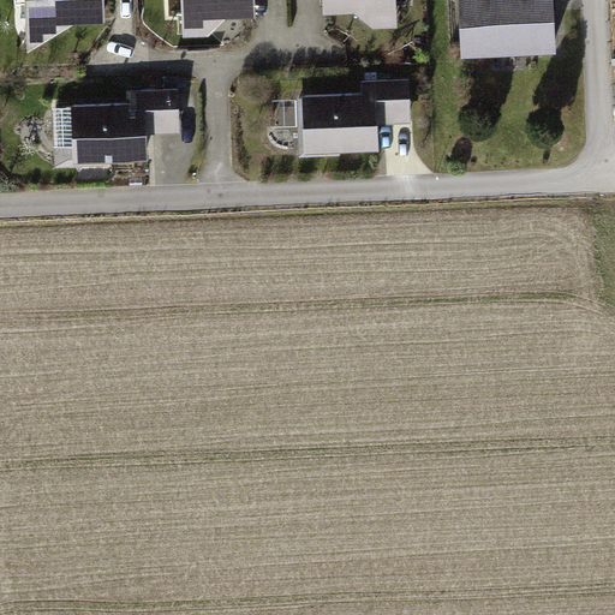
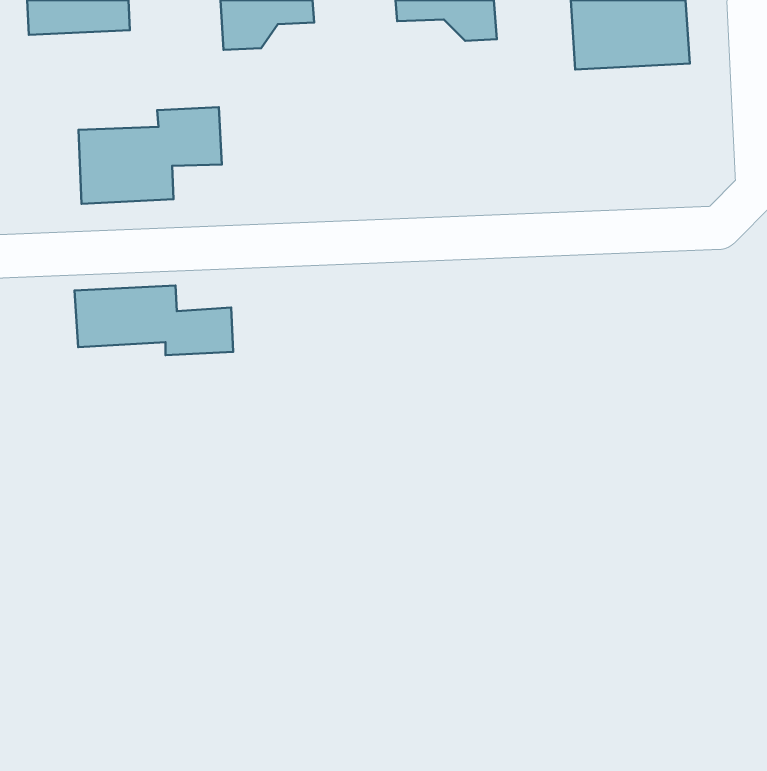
building: [298,79,412,155] -> none
building: none -> [75,286,233,355]

